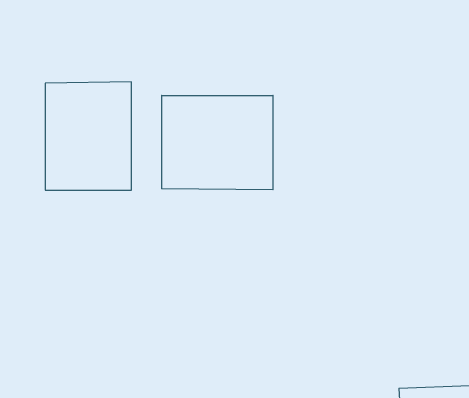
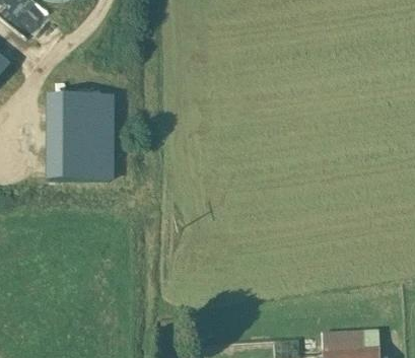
building: [162,95,273,190] -> none

